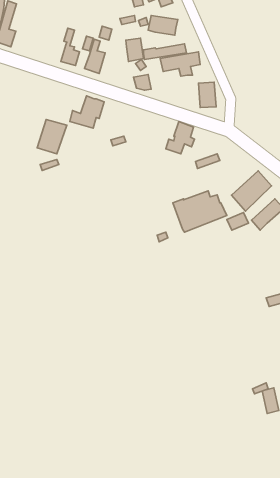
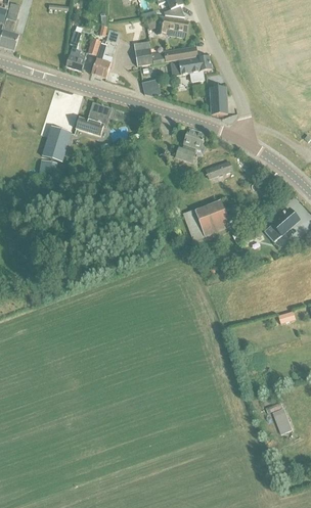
building: [232,171,272,211] -> none

